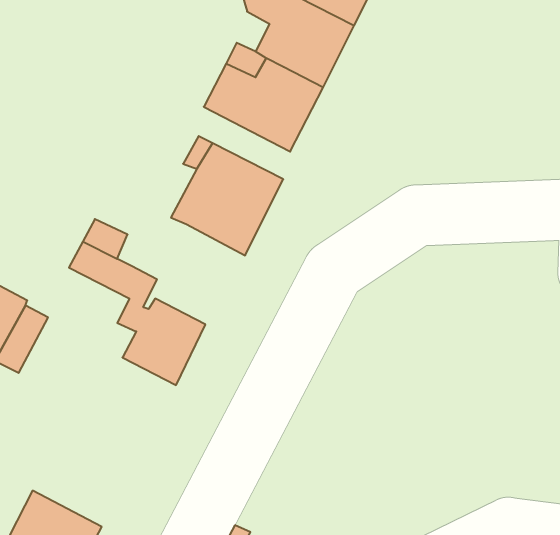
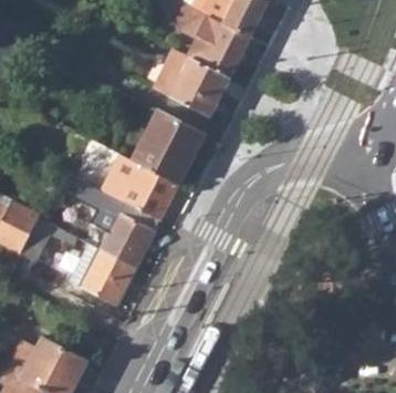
building: none -> [105,156,178,219]
building: none -> [81,250,134,304]

